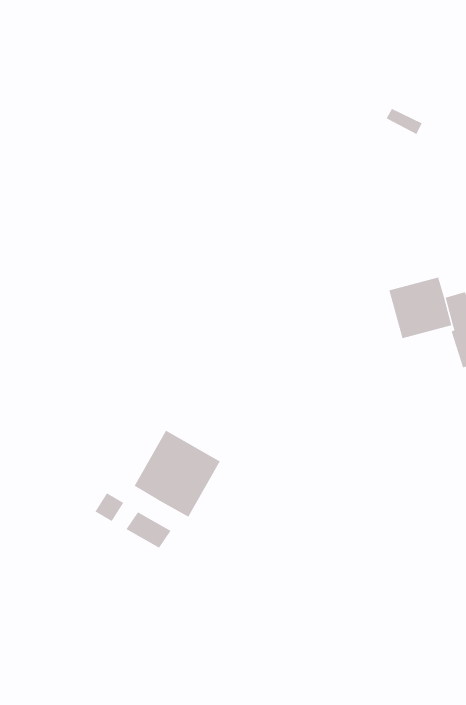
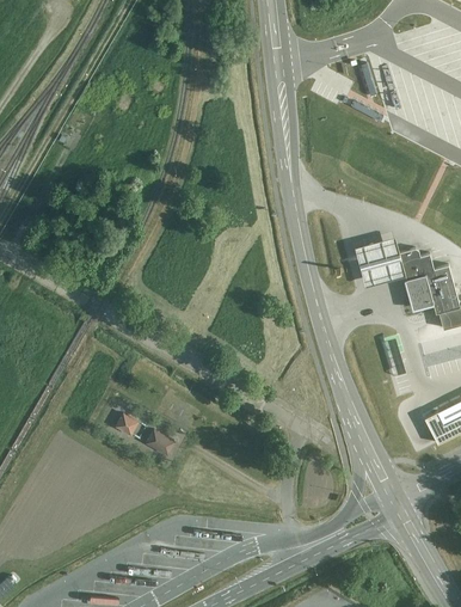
building: [134,430,220,518] -> none

